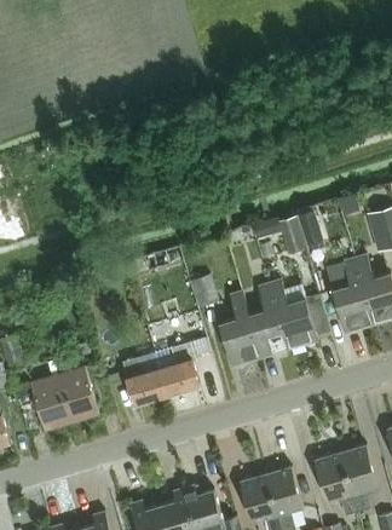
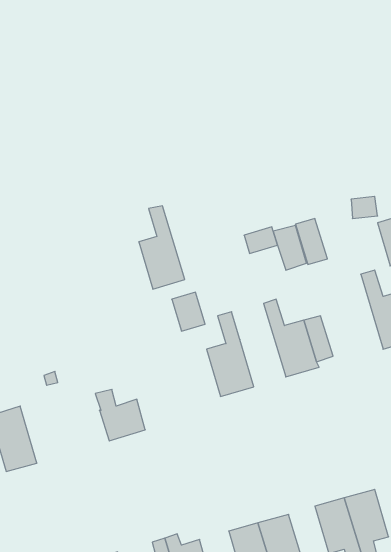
building: [325,258,373,332] -> none
building: [248,283,288,356] -> [139,206,185,289]
building: [158,336,211,393] -> none
building: [57,365,98,422] -> none

